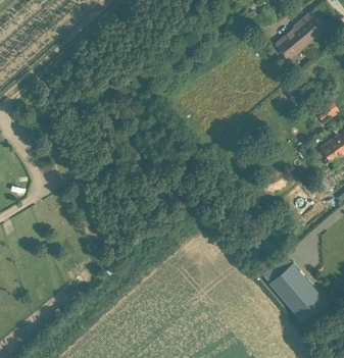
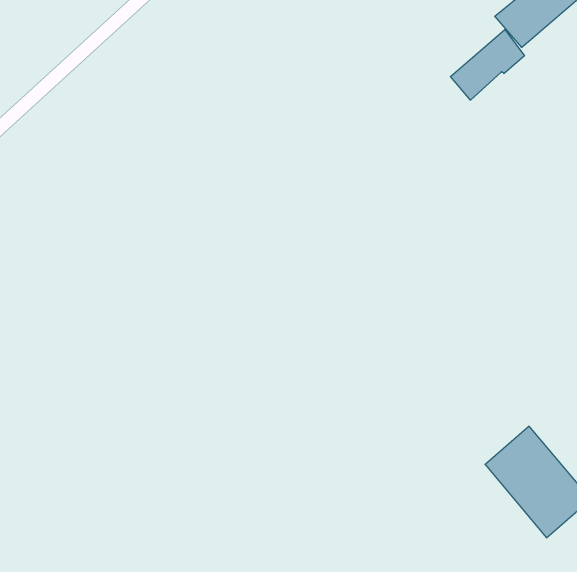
building: none -> [450,29,524,100]

